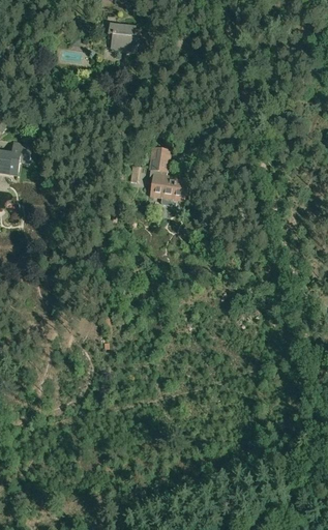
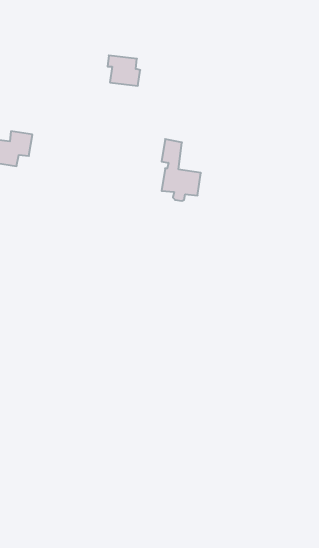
building: [108,24,138,52] -> [108,55,140,86]

